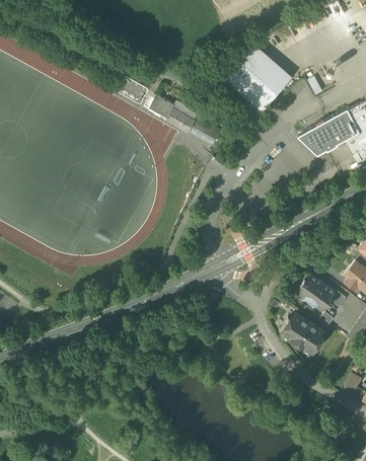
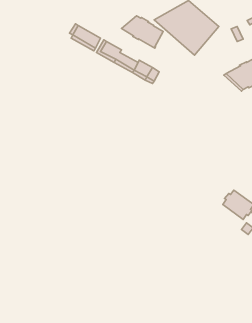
building: none -> [122,16,163,48]
building: [279,313,321,352] -> none

